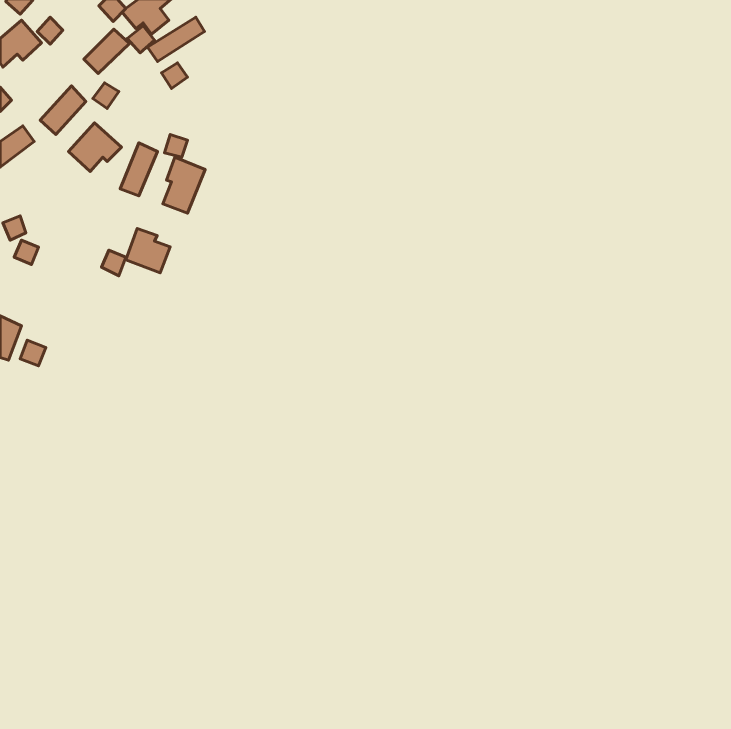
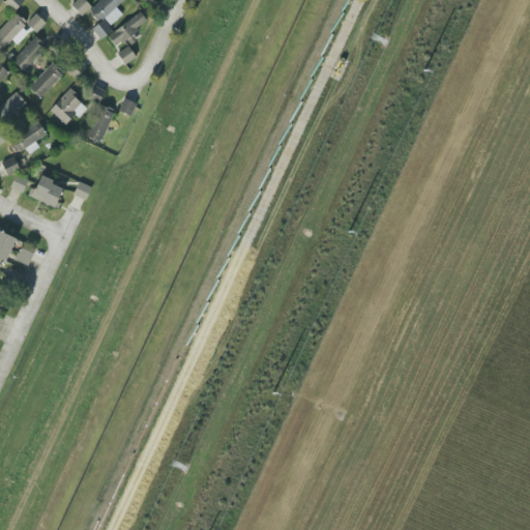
building: [84,29,130,74] -> [12,37,46,69]
building: [163,157,205,213] -> none
building: none -> [9,121,49,152]
building: [126,228,170,273] -> [31,174,63,206]

